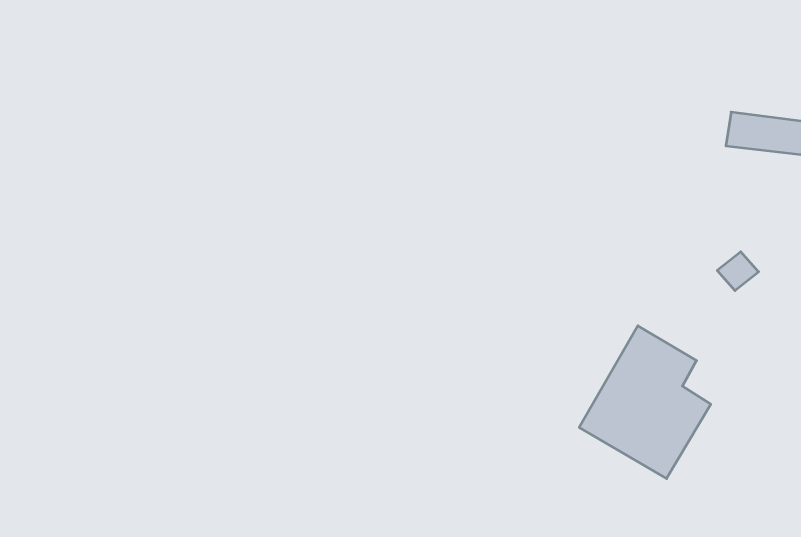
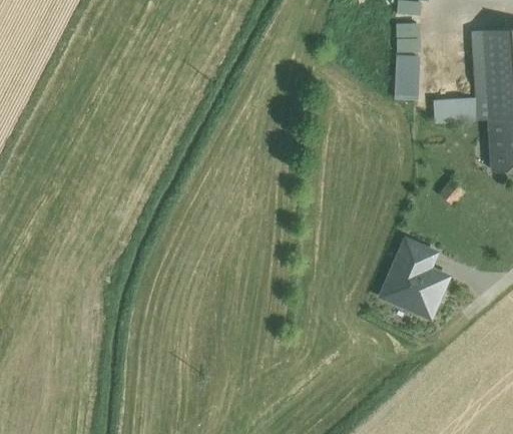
building: none -> [392,54,417,97]

